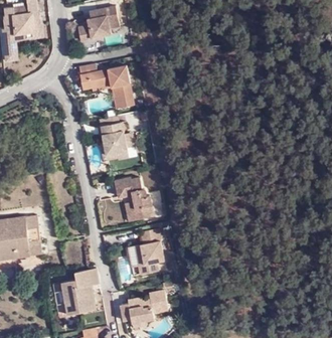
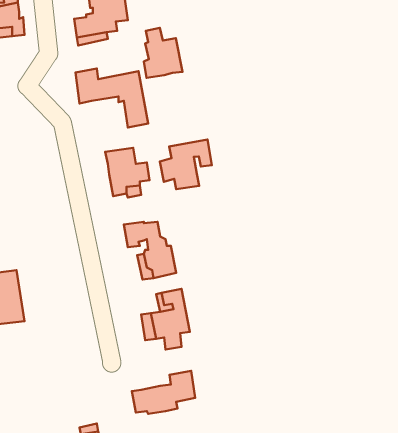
building: none -> [144,28,183,78]
building: none -> [160,140,212,189]
building: [63,269,100,315] -> none

